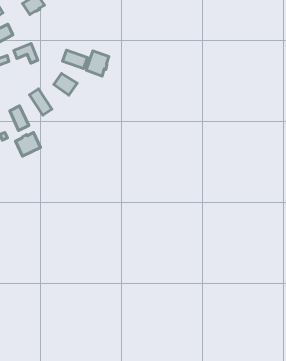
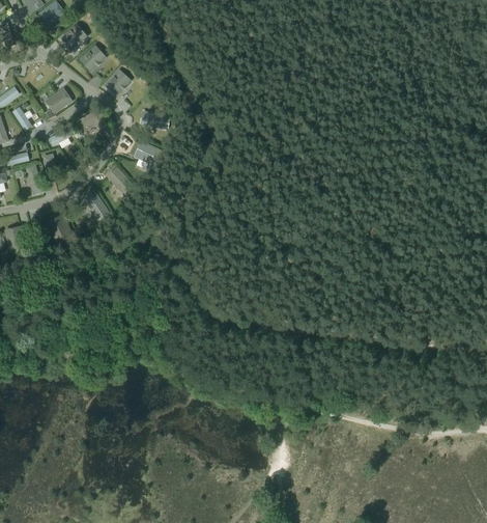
building: none -> [105,68,132,97]
building: [86,51,109,76] -> none
building: [16,132,40,156] -> none

